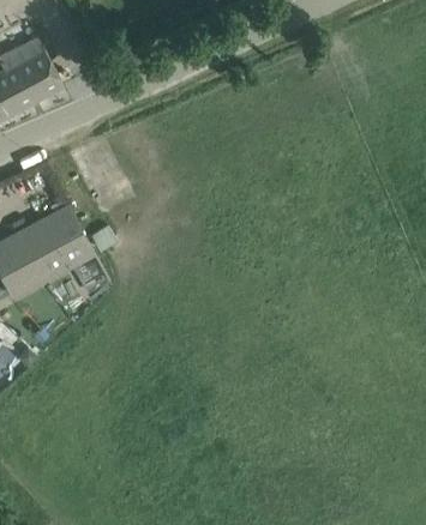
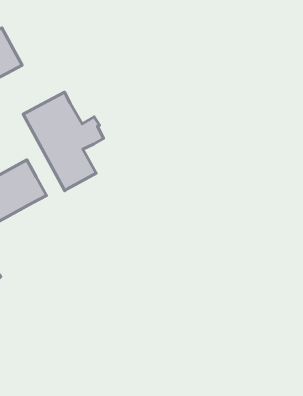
building: none -> [23,92,103,191]

